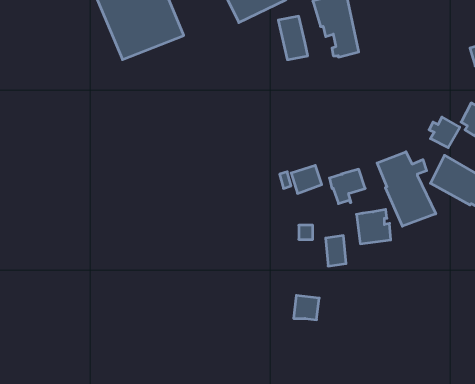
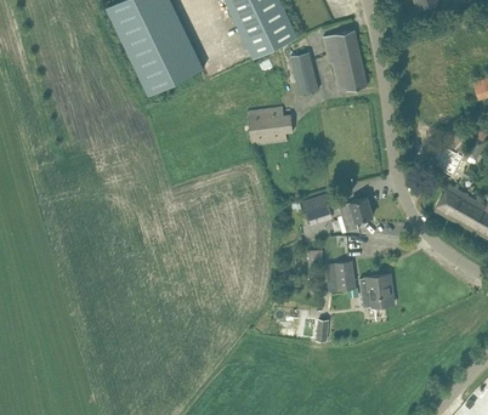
building: none -> [248,115,293,137]
building: [377,152,436,226] -> none
building: [356,209,391,244] -> [361,274,393,307]

